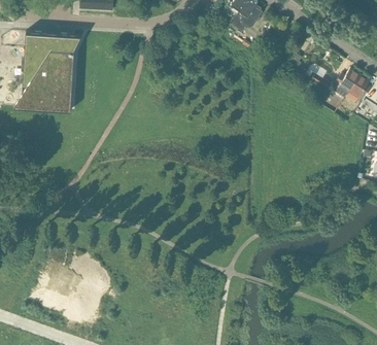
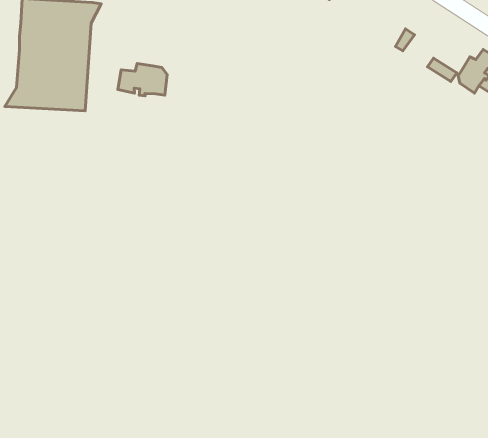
building: none -> [118,64,167,96]

